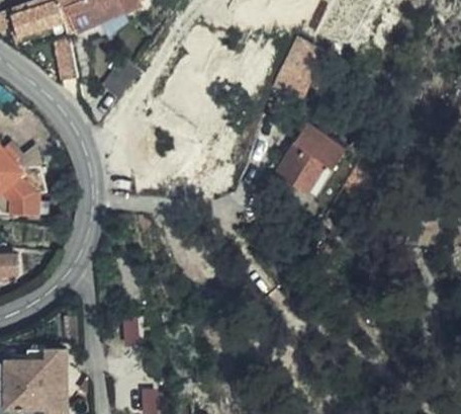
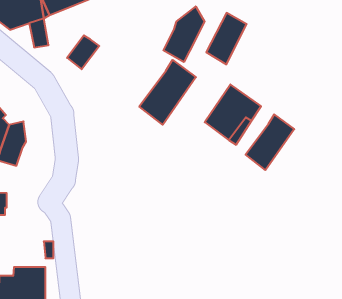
building: none -> [163,6,205,62]
building: none -> [139,60,196,125]
building: none -> [246,114,294,170]

